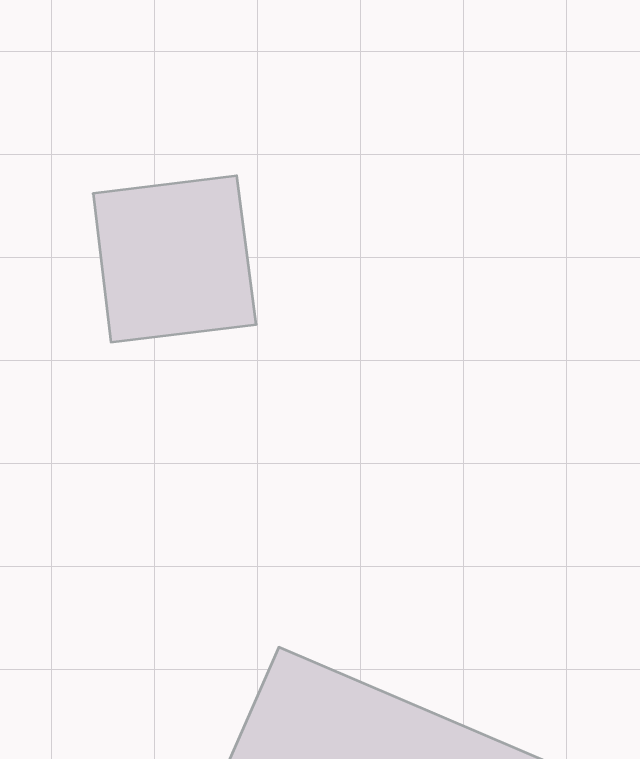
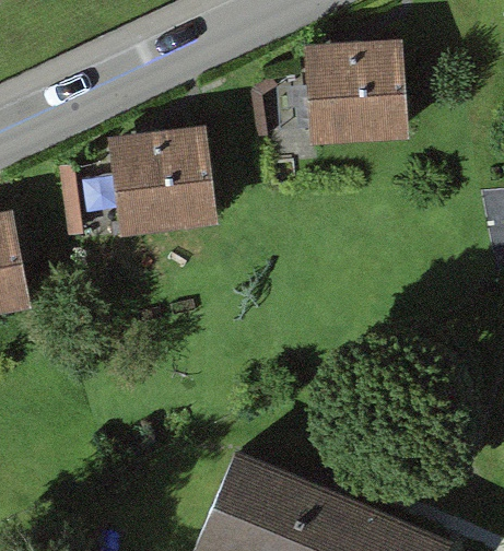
building: none -> [303,43,410,151]

